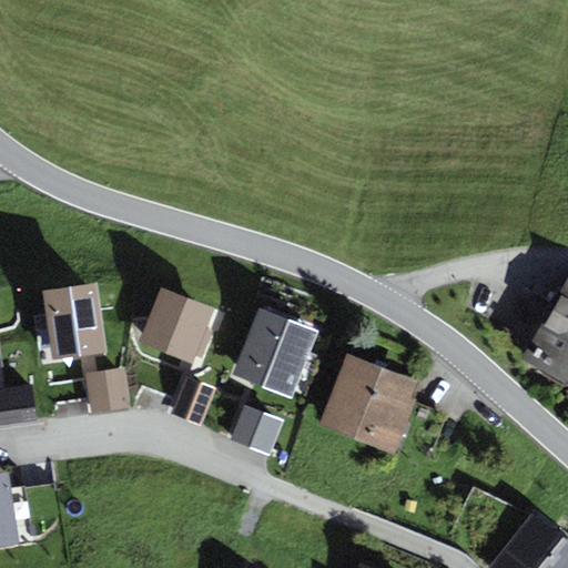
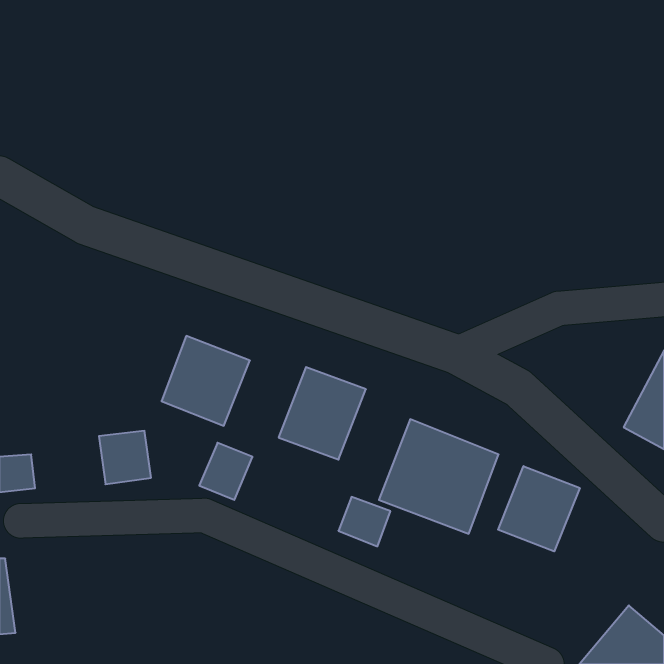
building: [41,282,105,359] -> none
building: none -> [498,466,580,551]
building: [234,408,278,450] -> [338,497,390,546]

